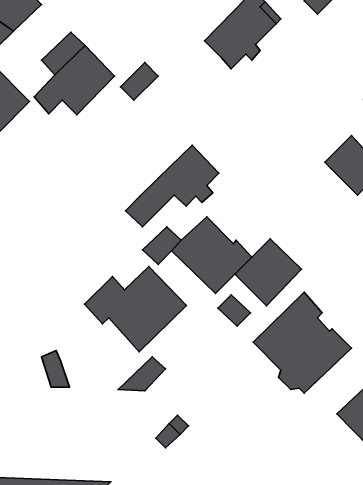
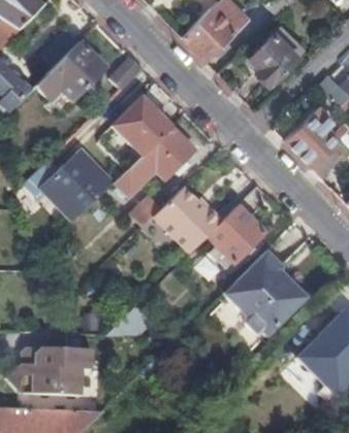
building: none -> [248,34,296,87]
building: none -> [113,97,171,155]
building: [84,267,187,352] -> [26,152,113,224]
building: none -> [20,347,93,396]

